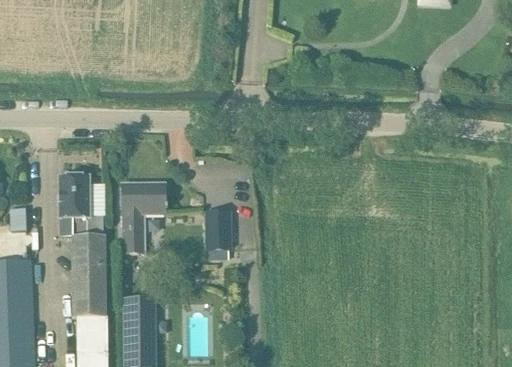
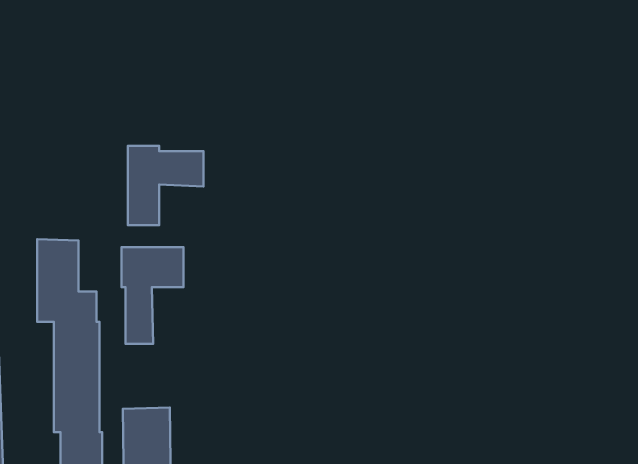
building: none -> [128,146,204,225]
building: [205,209,239,267] -> none

